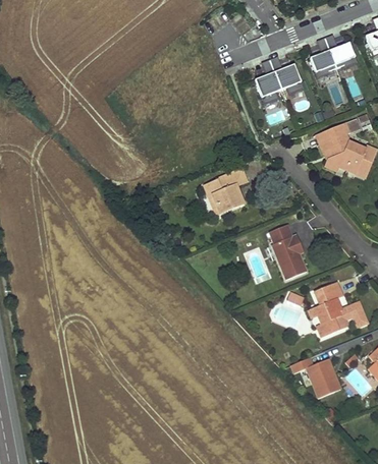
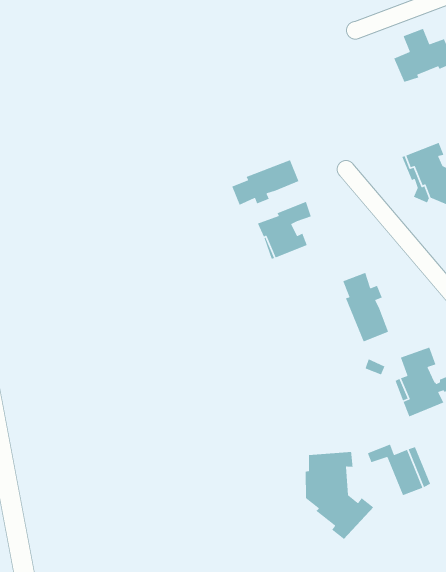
building: [255,56,304,104] -> none
building: none -> [231,159,300,206]
building: none -> [305,451,374,540]

